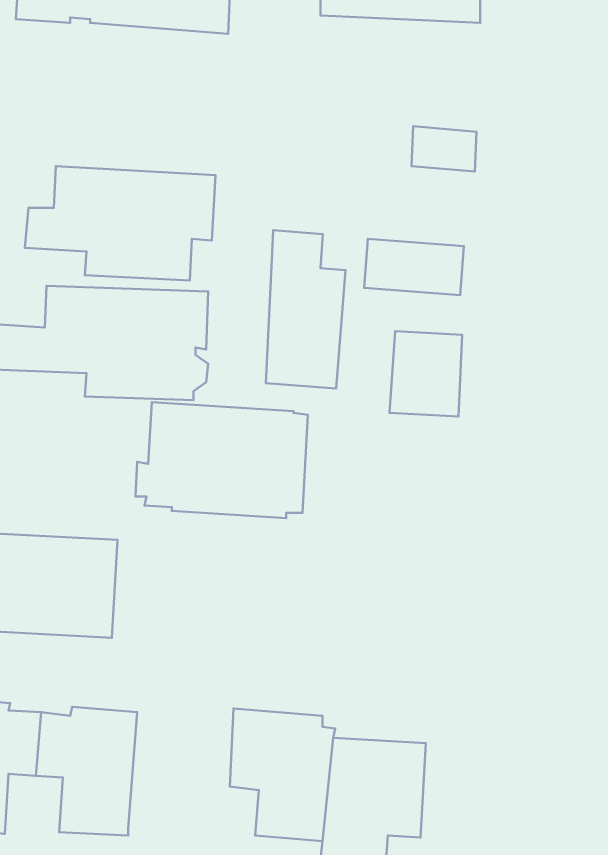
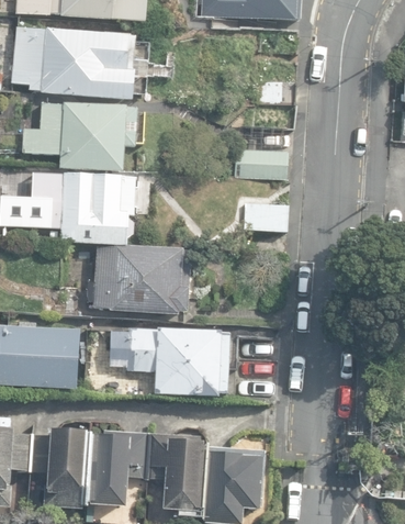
building: none -> [13,26,148,100]
building: [266,230,345,388] -> none
building: none -> [110,327,229,397]
building: none -> [86,428,149,505]

